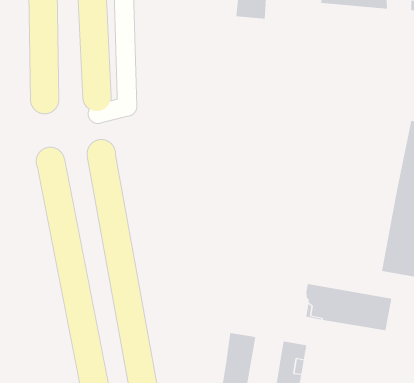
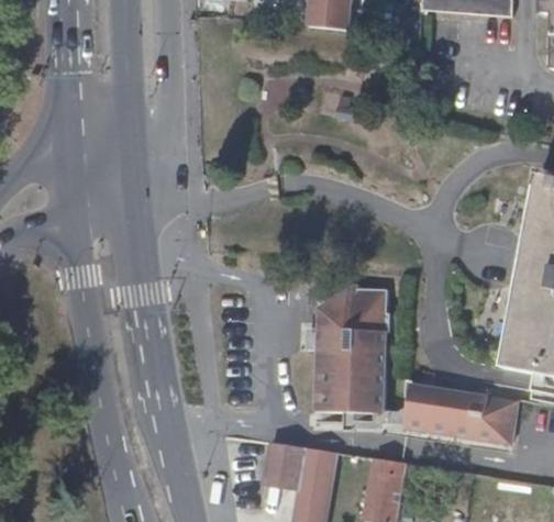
building: none -> [314,288,389,412]
building: none -> [263,442,303,486]

